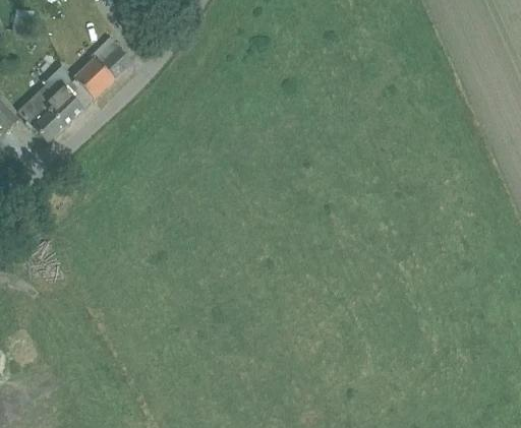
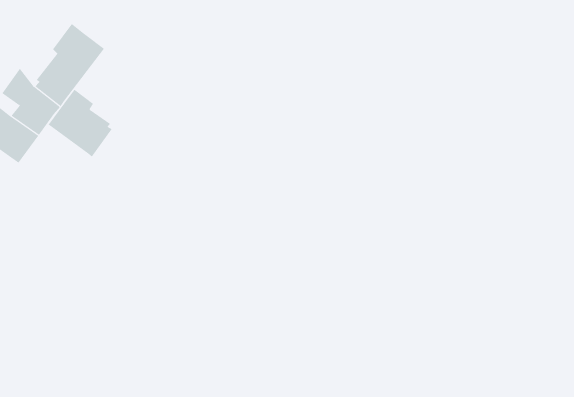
building: none -> [48,89,113,157]

